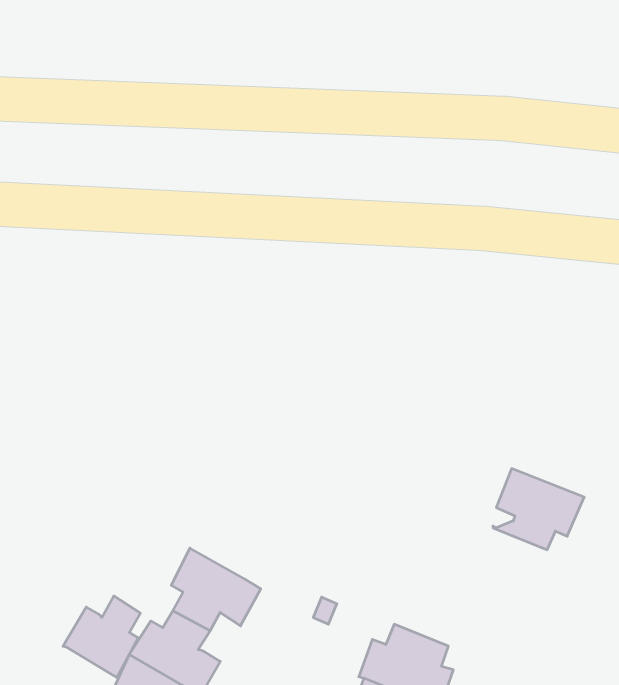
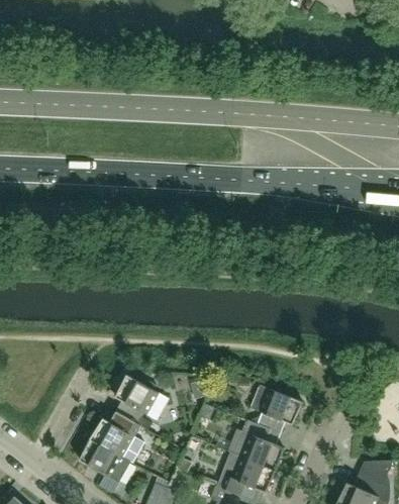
building: [493,469,584,550] -> [248,385,303,433]
building: [63,596,140,677] -> none

